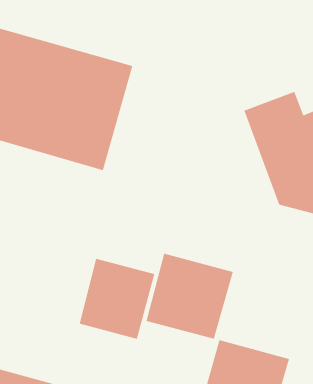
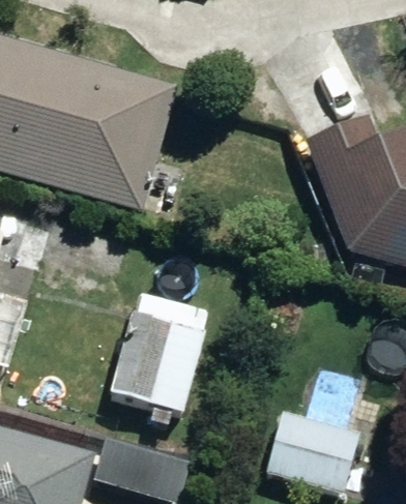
building: [146,253,233,340] -> none

